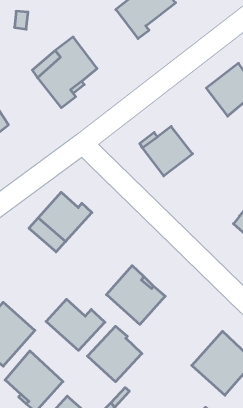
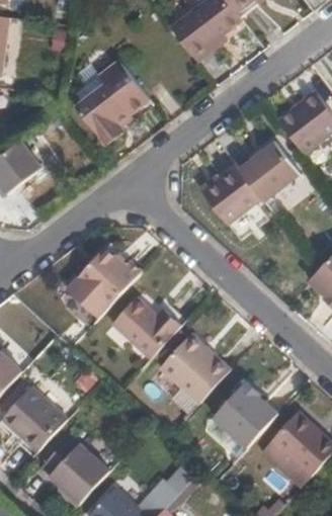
building: none -> [240,143,301,203]
building: [46,299,105,350] -> [112,295,182,356]
building: [87,326,142,382] -> [214,380,278,446]

